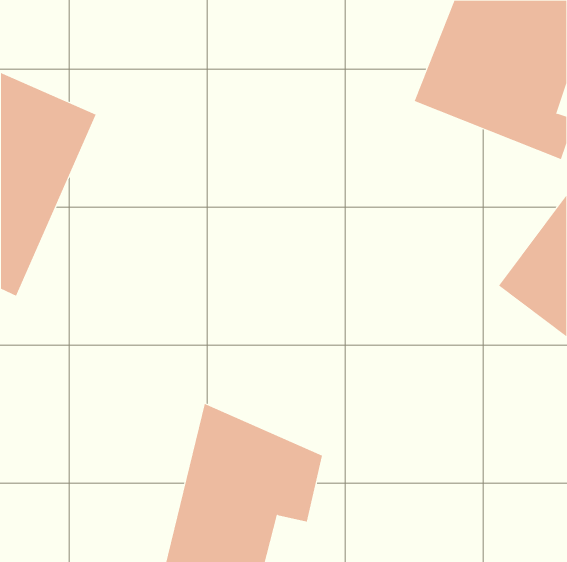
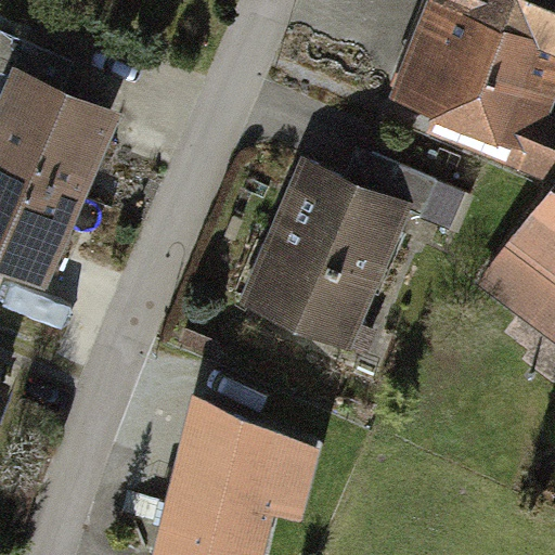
building: none -> [249,157,468,338]

